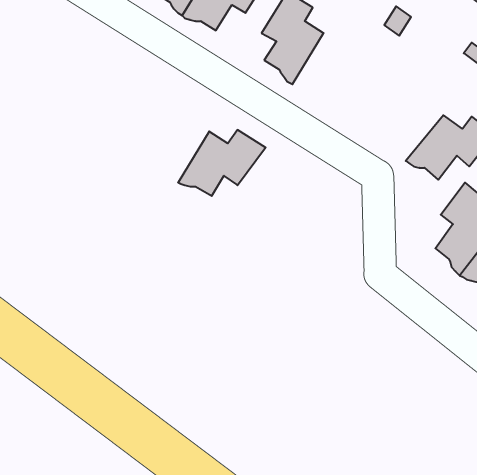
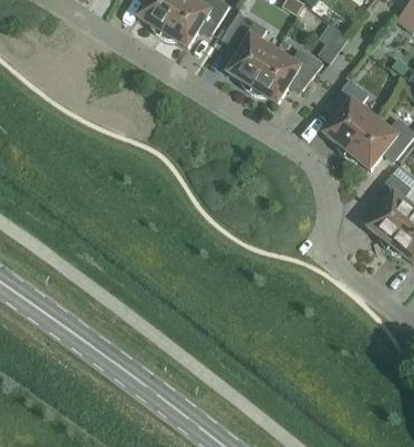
building: none -> [324,79,375,154]
building: [178,130,266,196] -> [251,48,323,102]

